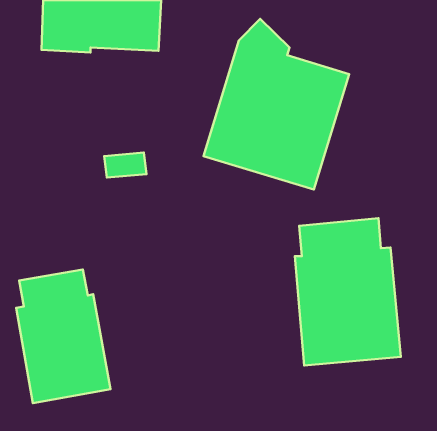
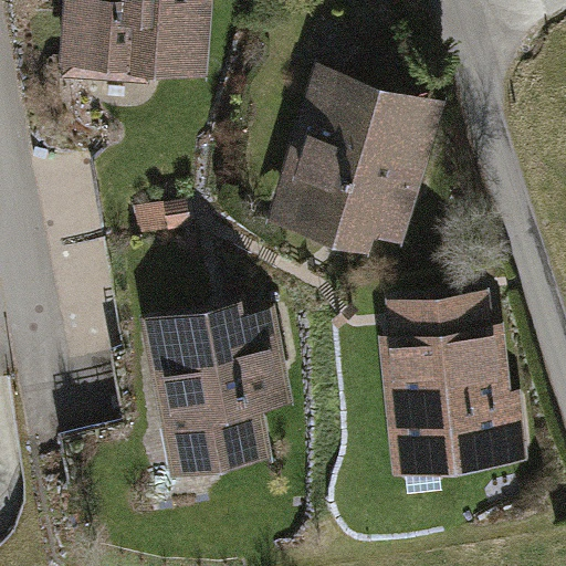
building: none -> [140,298,291,476]
building: [16,269,110,403] -> none

